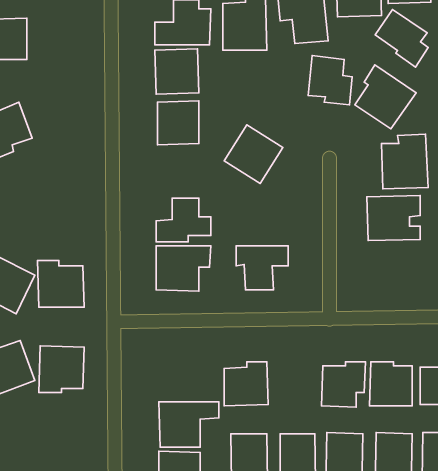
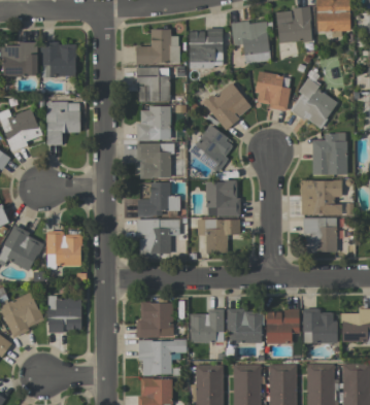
building: [375,9,428,67] -> none
building: none -> [42,43,76,77]
building: none -> [203,82,253,130]
building: none -> [46,102,80,145]
building: none -> [139,143,172,178]
building: none -> [206,180,239,216]
building: none -> [305,217,337,252]
building: none -> [137,302,173,338]
building: none -> [228,310,263,342]

